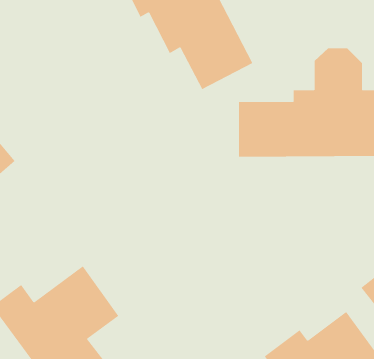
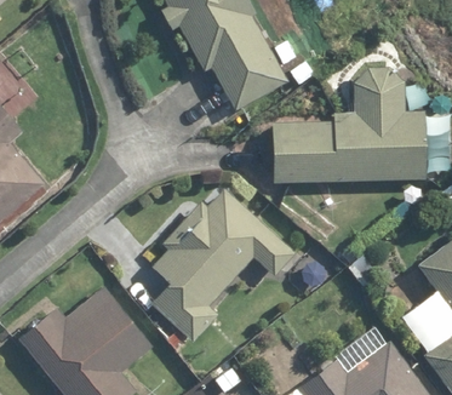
building: none -> [131,185,294,344]

